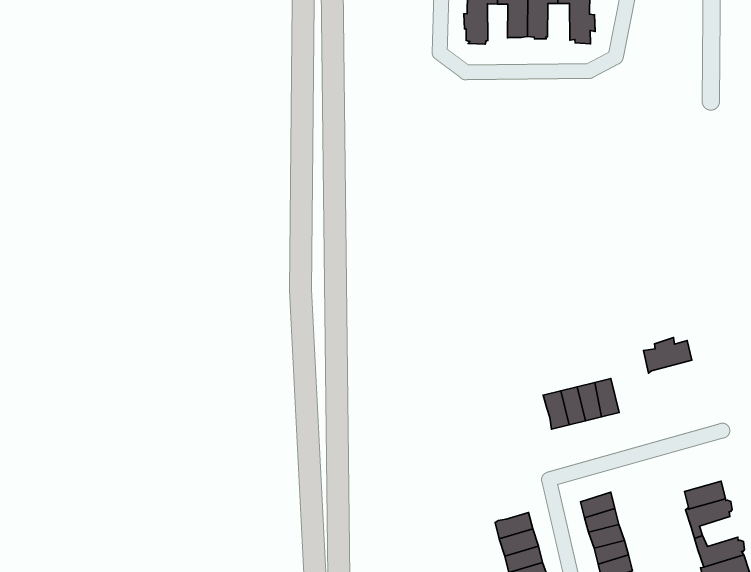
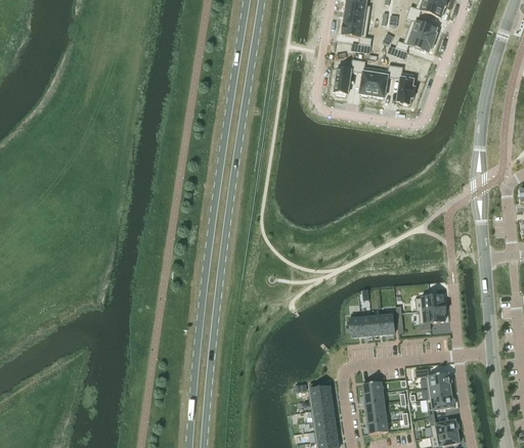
building: none -> [419,308,446,329]
building: none -> [417,368,452,388]

